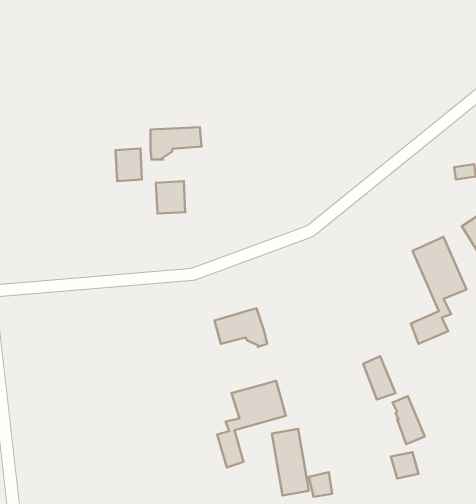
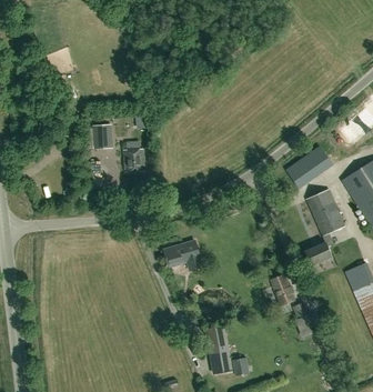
building: [150,127,202,160] -> none
building: none -> [286,145,332,187]
building: [217,381,286,467] -> none

